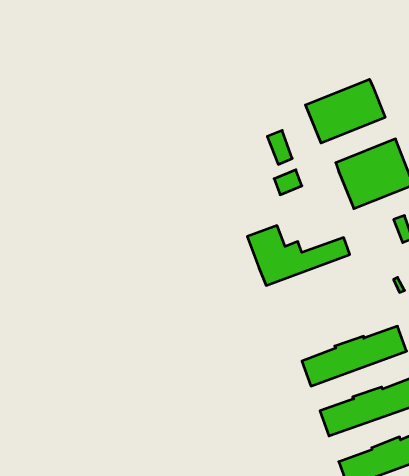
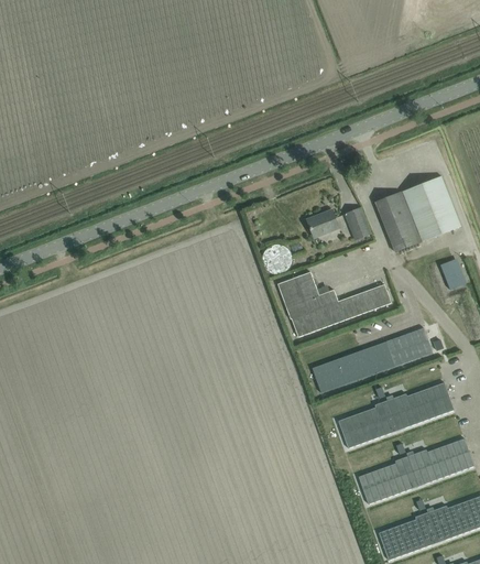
building: [305,79,385,143] -> none
building: [267,130,292,164] -> [345,207,372,245]
building: none -> [312,328,432,392]

